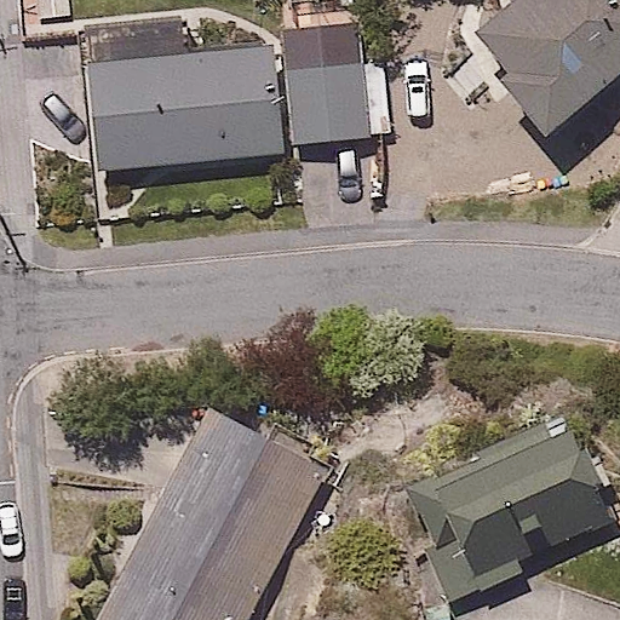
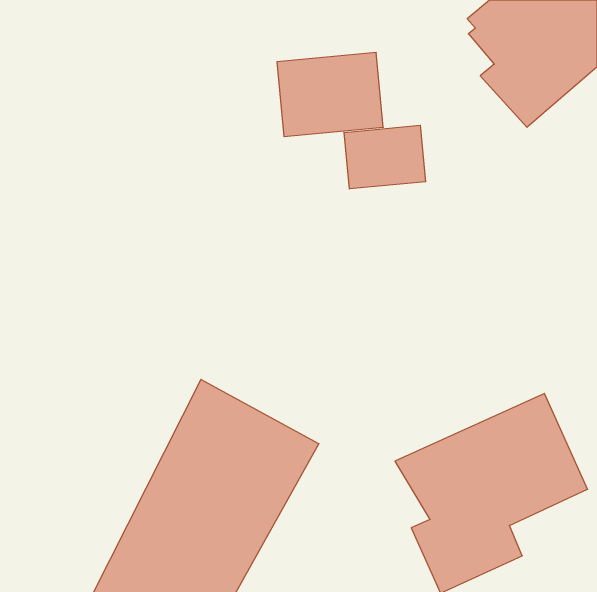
building: [92,45,287,173] -> none
building: none -> [344,125,426,189]

